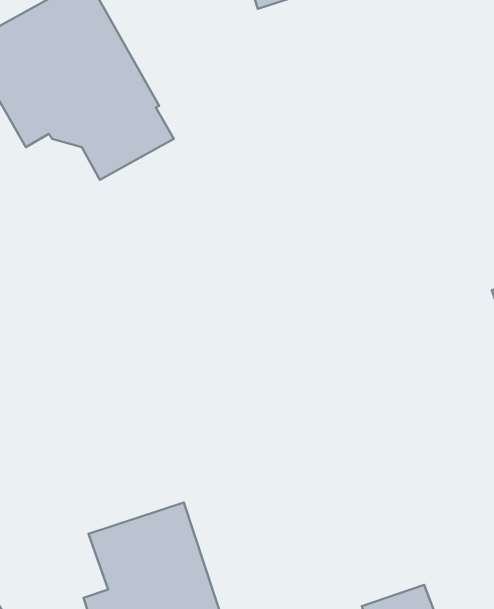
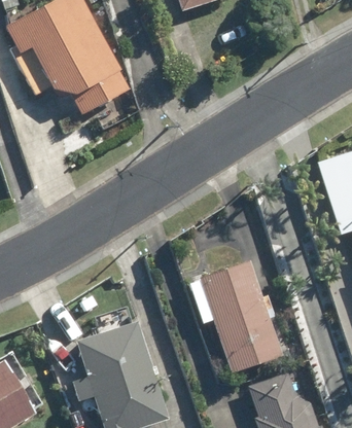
building: none -> [200,259,281,368]

